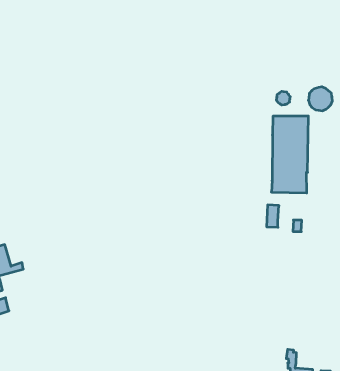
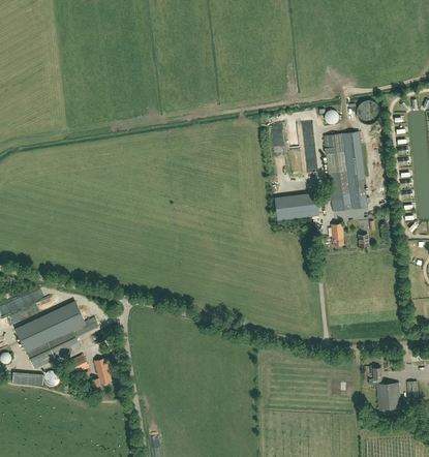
building: none -> [271,191,320,220]
building: none -> [91,357,112,390]

